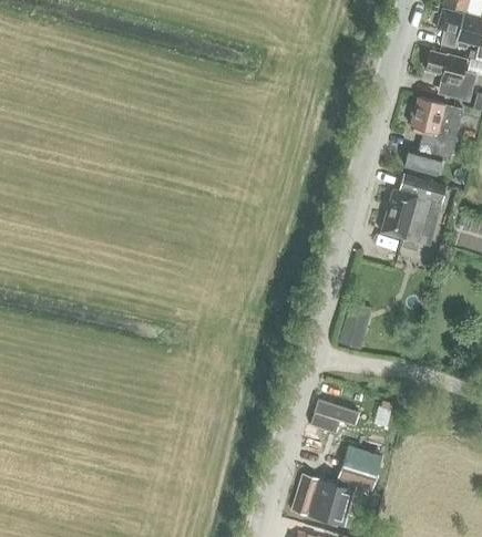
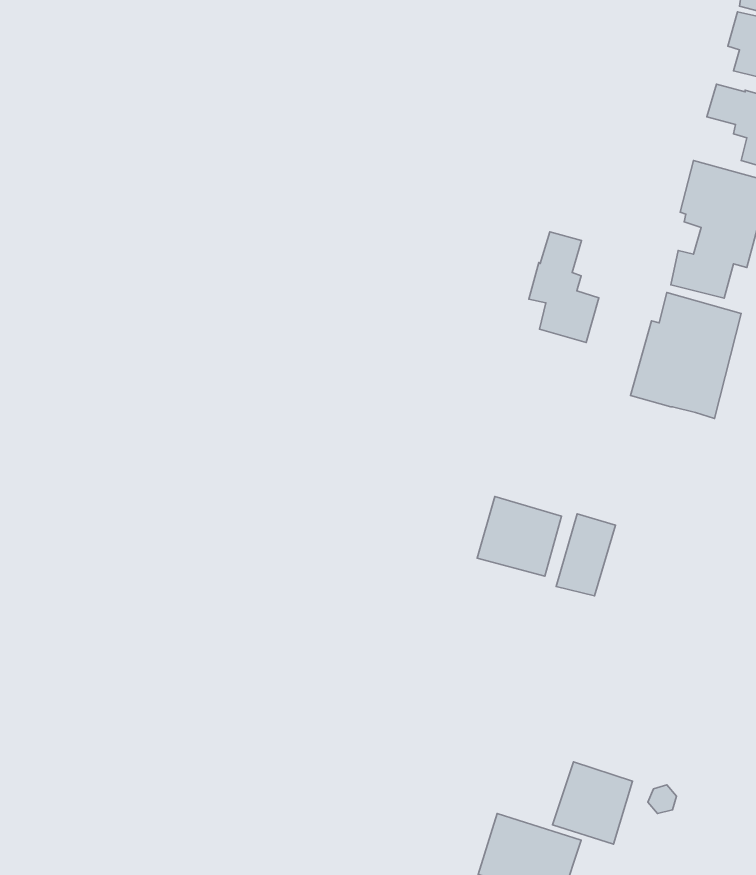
building: none -> [529,232,599,343]
building: none -> [477,496,561,576]
building: [310,400,359,433] -> none

